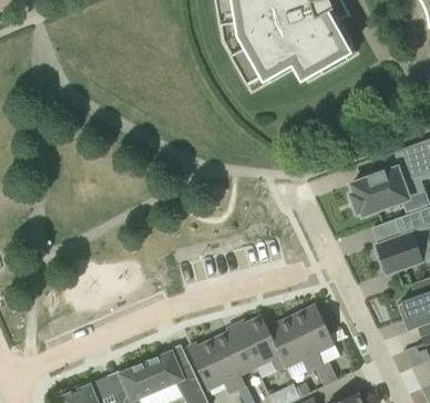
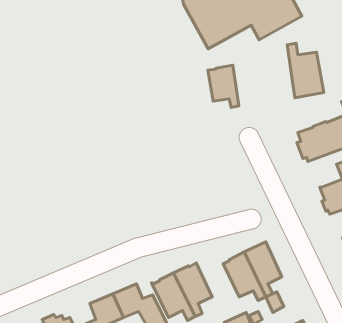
building: none -> [287,43,324,98]
building: none -> [208,65,239,108]
building: [238,317,286,370] -> none

